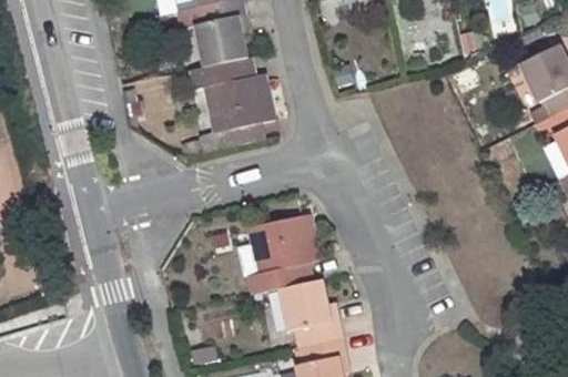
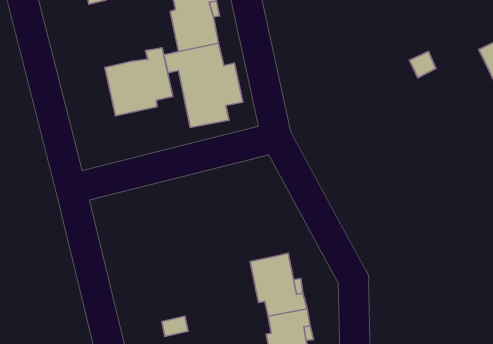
building: none -> [105,48,173,116]
building: [246,214,314,292] -> none

